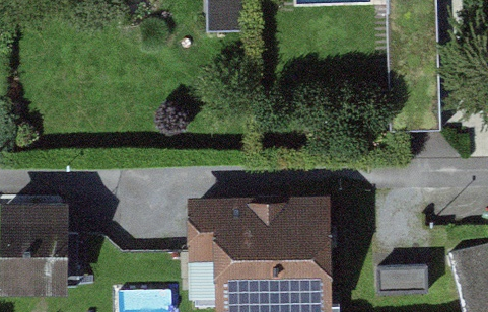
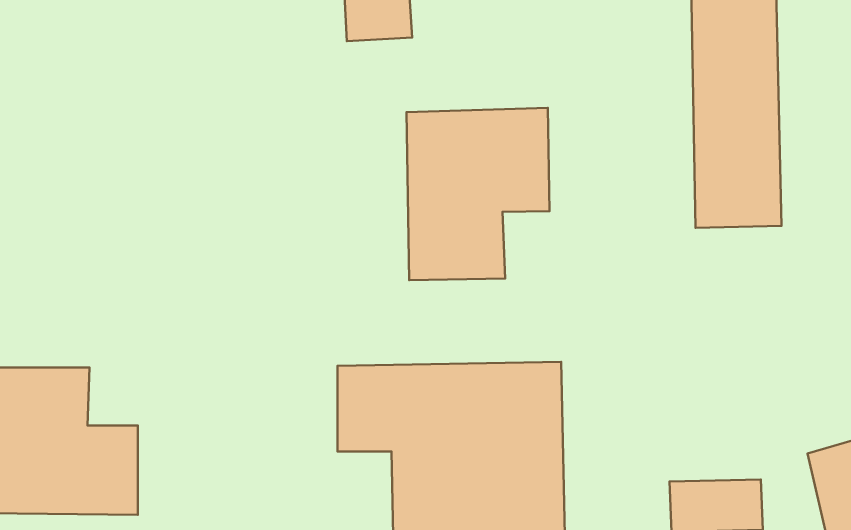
building: none -> [406,108,550,280]

